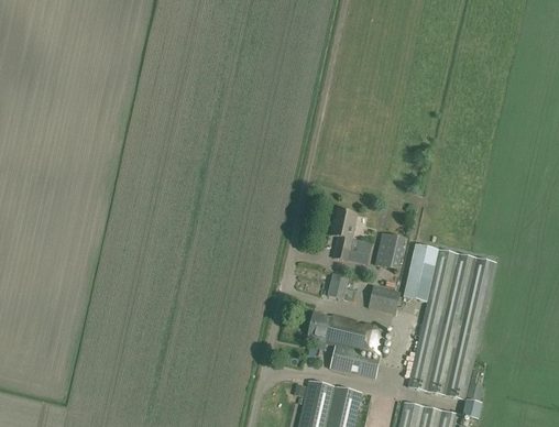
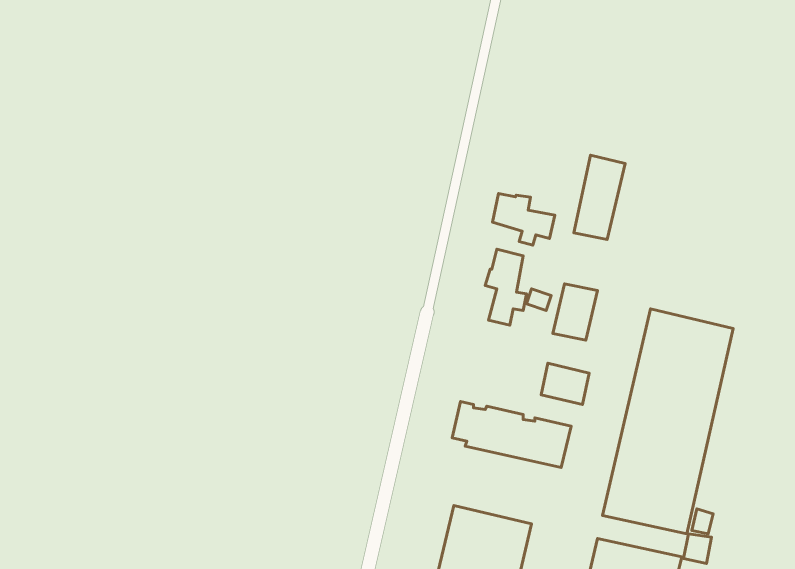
building: none -> [492,193,555,245]
building: [404,244,438,300] -> [574,155,625,240]
building: [327,274,355,302] -> none
building: [331,347,380,379] -> none

